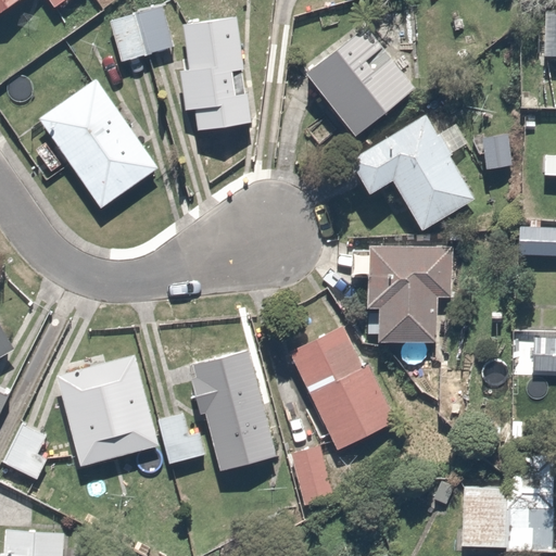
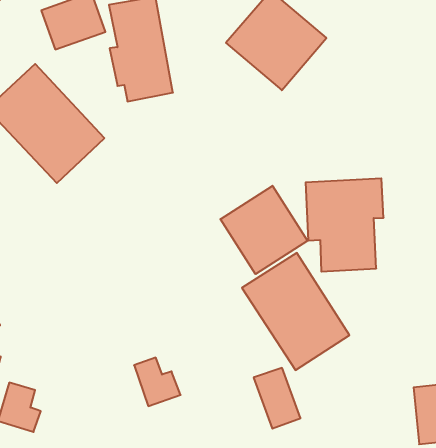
building: [351,113,481,231] -> none
building: none -> [220,186,307,274]
building: [180,351,280,472] -> none
building: [53,354,159,468] -> none

